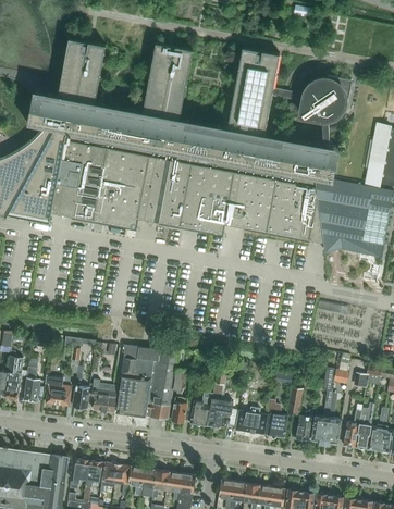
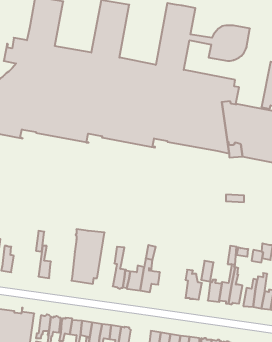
building: [149,349,180,420] -> none
building: [45,375,72,406] -> none
building: [88,378,118,412] -> none
building: [235,406,268,434] -> none

